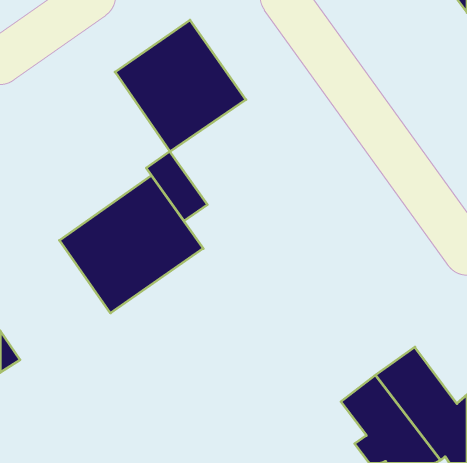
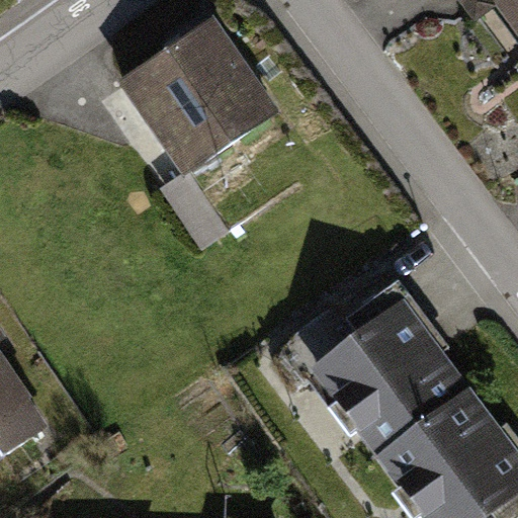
building: [59,175,203,313] -> none
building: none -> [320,280,459,445]

